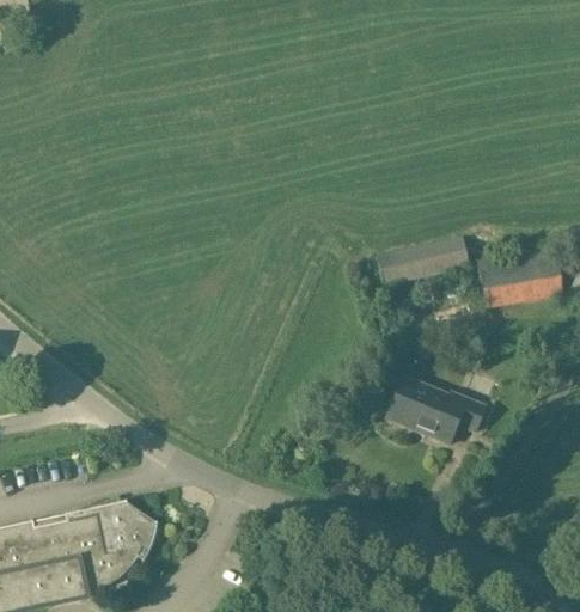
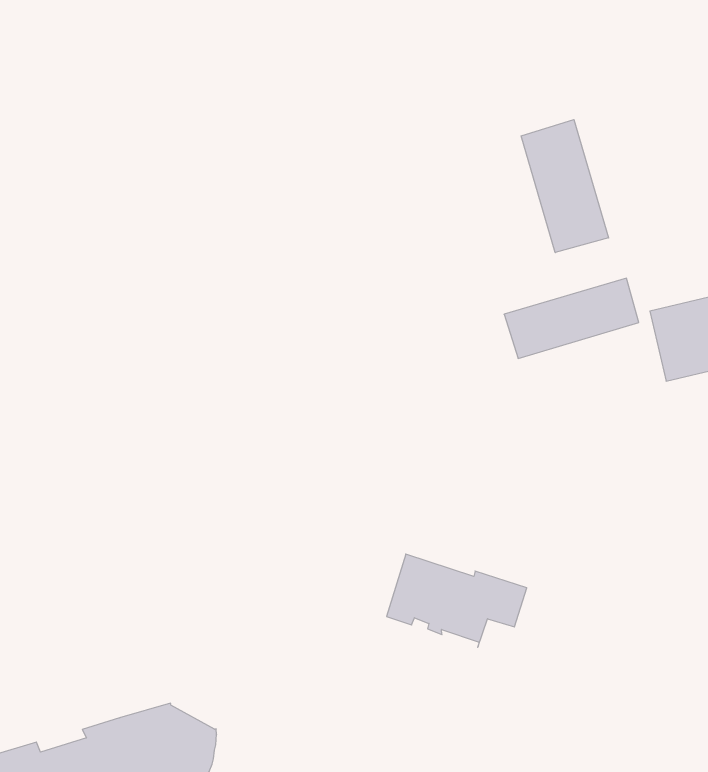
building: none -> [521,120,609,253]
building: [386,375,484,443] -> [387,554,527,647]

